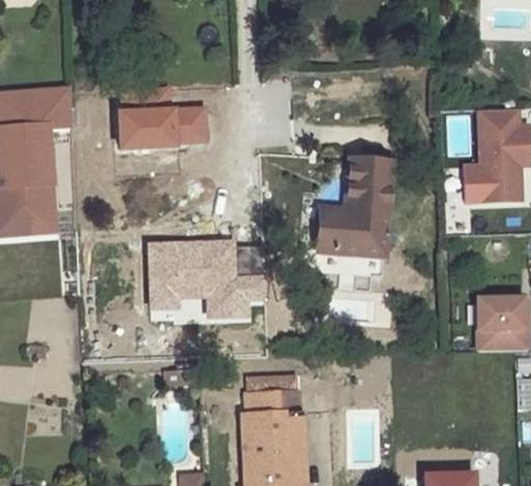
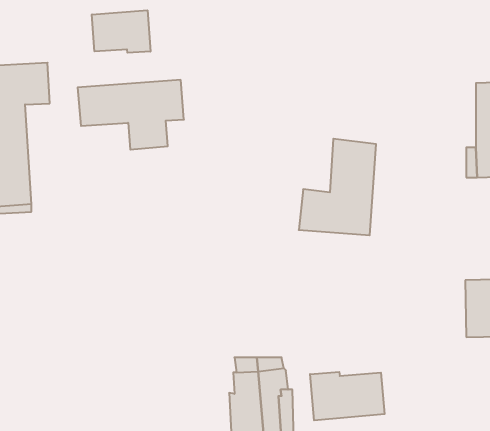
building: none -> [92,10,150,53]
building: [145,241,262,312] -> none
building: none -> [310,372,385,420]

